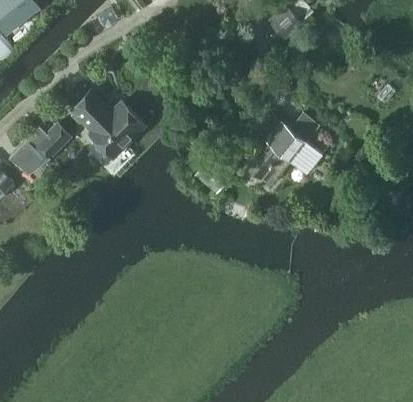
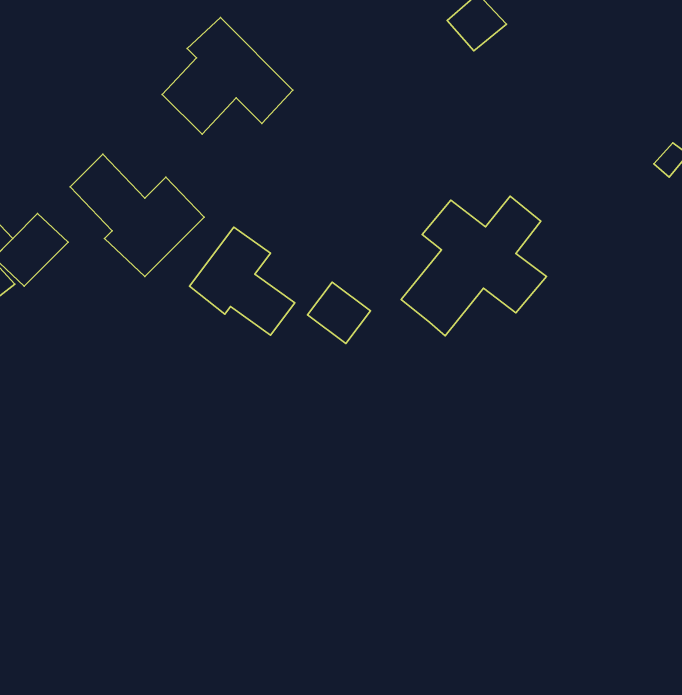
building: none -> [162,18,293,134]
building: none -> [190,227,295,335]

